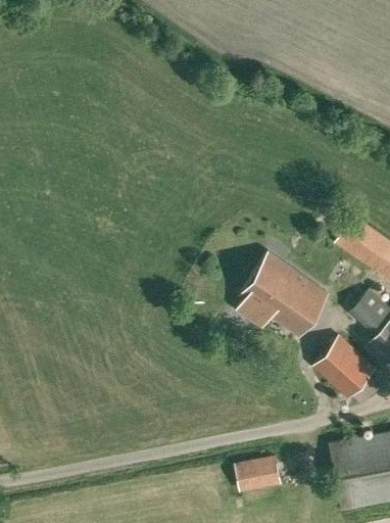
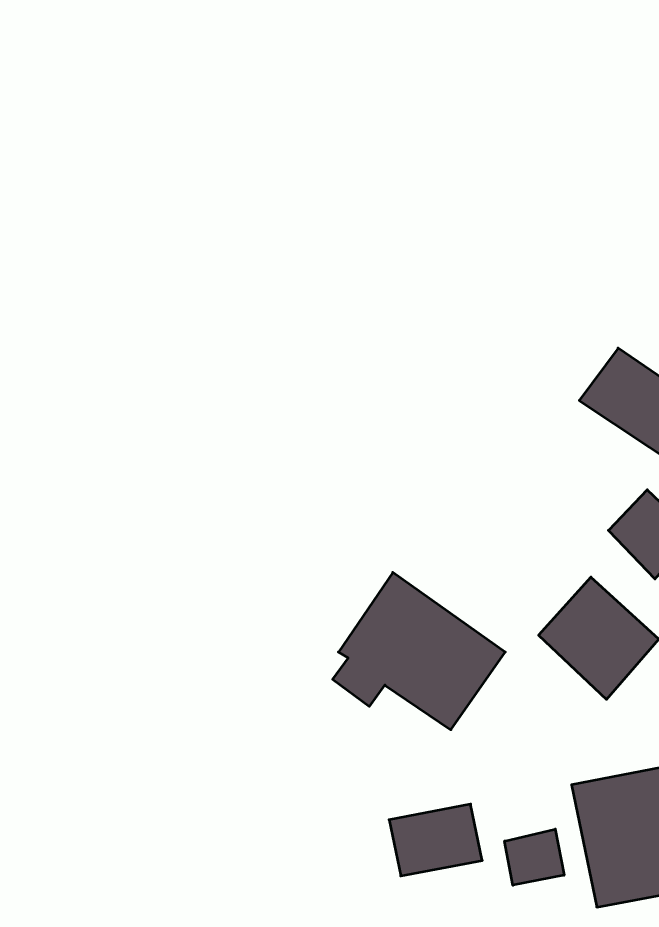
building: [237,252,328,335] -> [333,572,505,730]
building: none -> [505,829,564,885]

